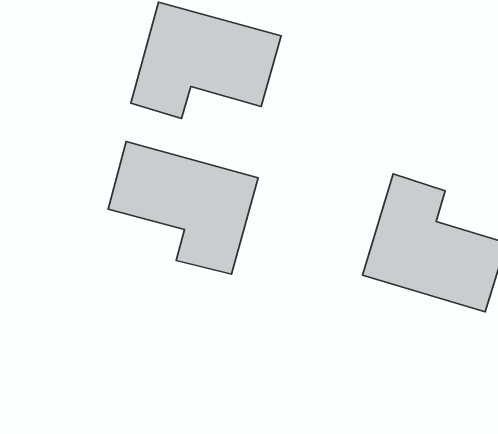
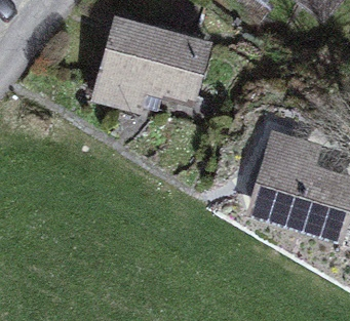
building: [108,141,258,274] -> none

